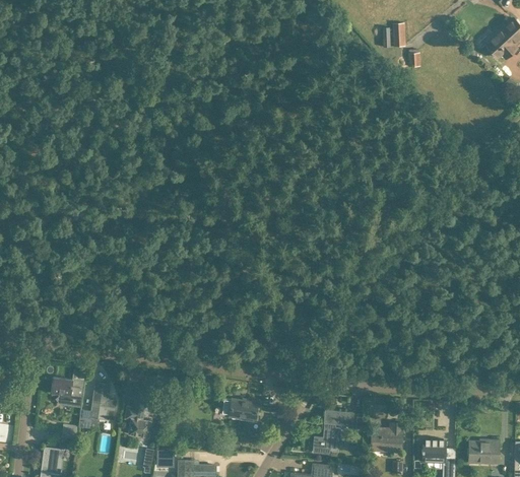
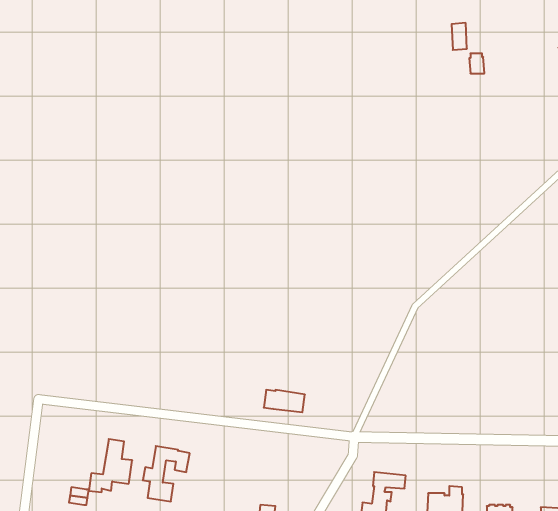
building: [51,378,83,408] -> none
building: [221,400,257,419] -> [264,390,305,412]

